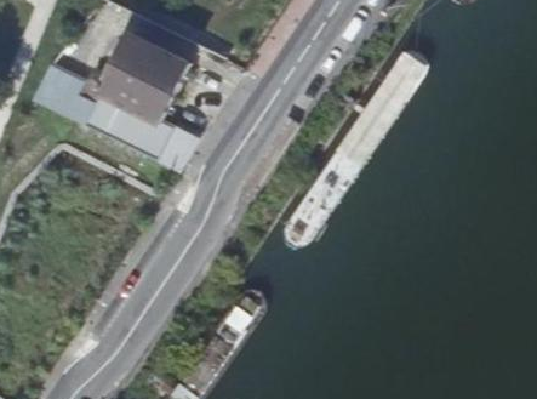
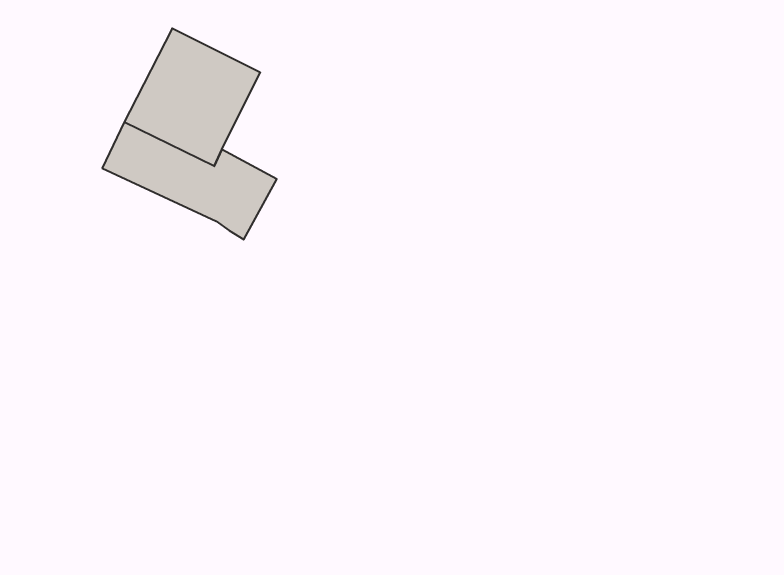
building: [28,58,98,121] -> none

